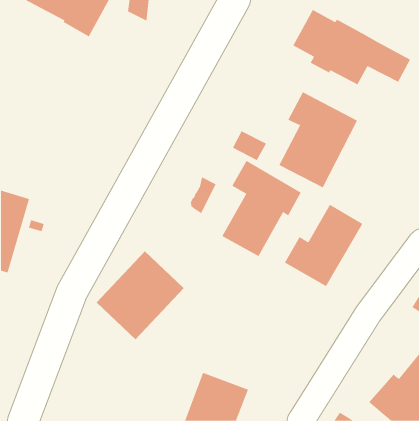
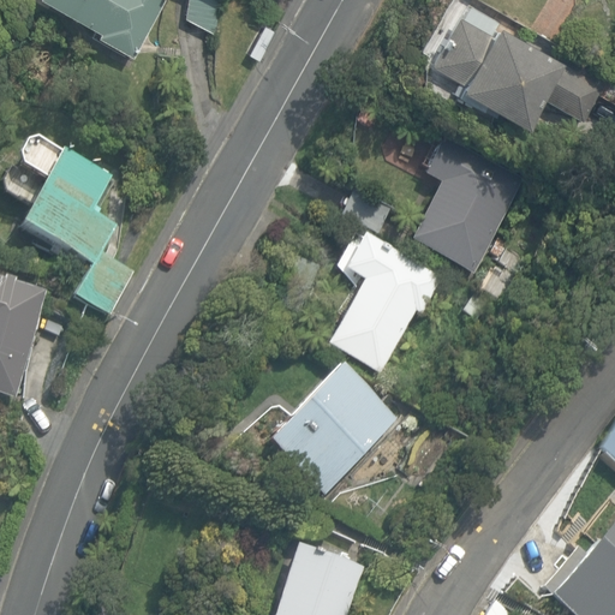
building: none -> [17,151,133,315]
building: [284,204,363,287] -> none
building: [96,250,184,340] -> [268,364,396,495]

